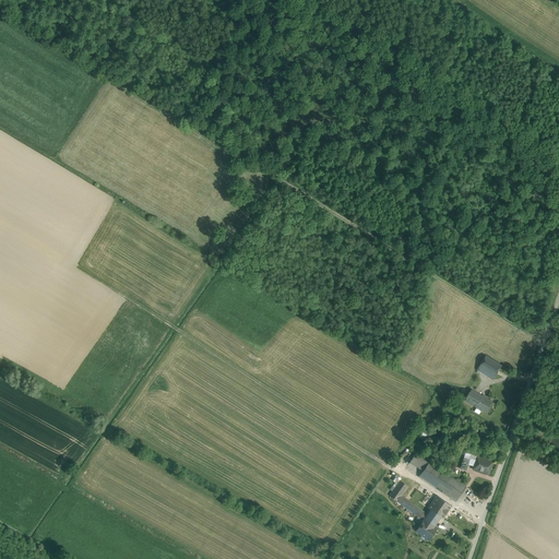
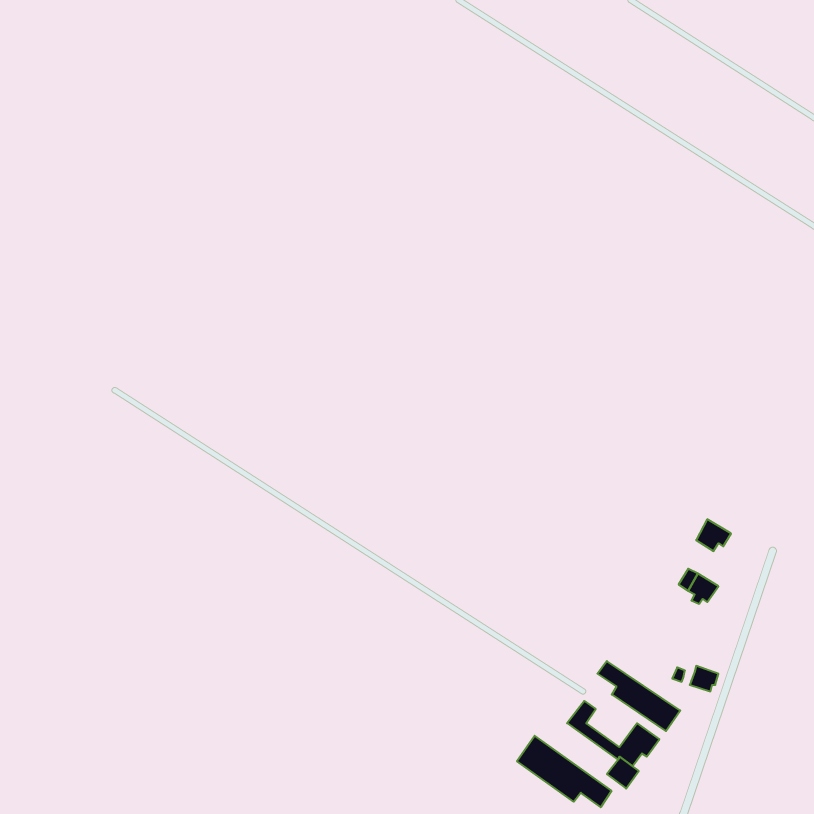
building: none -> [517,736,611,807]

